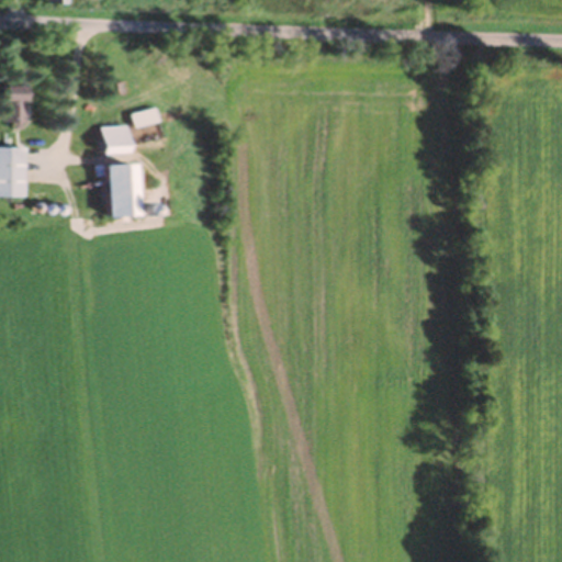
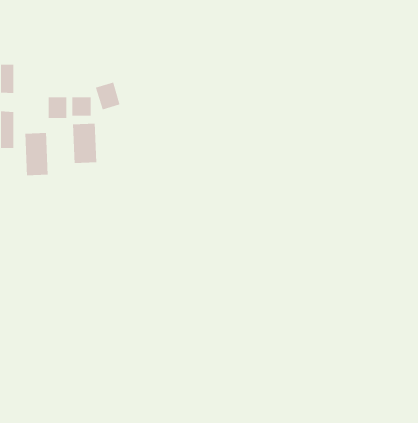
building: none -> [48,97,67,119]
building: none -> [25,132,49,176]

